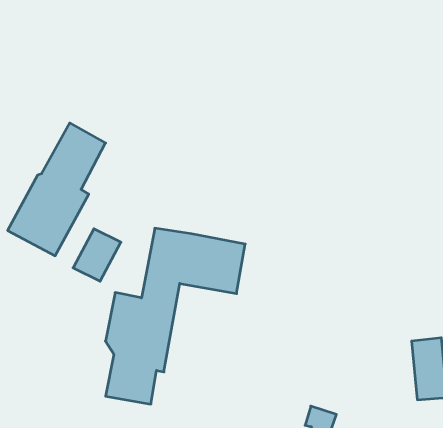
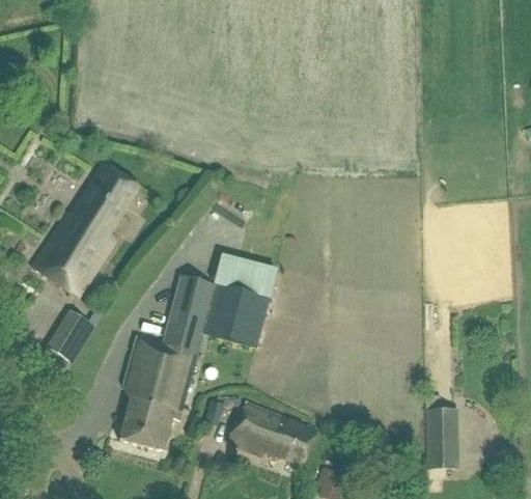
building: none -> [217,253,278,299]
building: [73,229,121,281] -> [46,309,95,362]
building: none -> [228,396,316,464]

